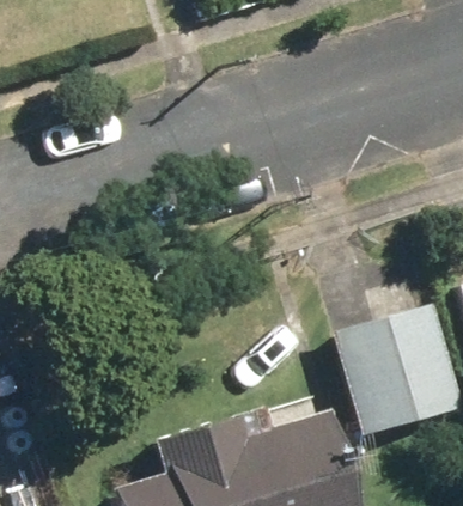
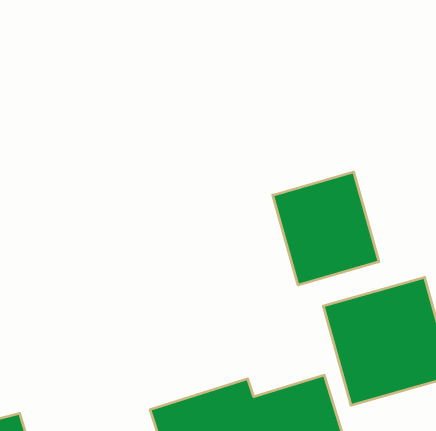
building: none -> [273,172,379,285]

